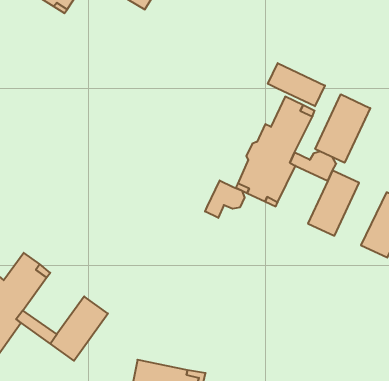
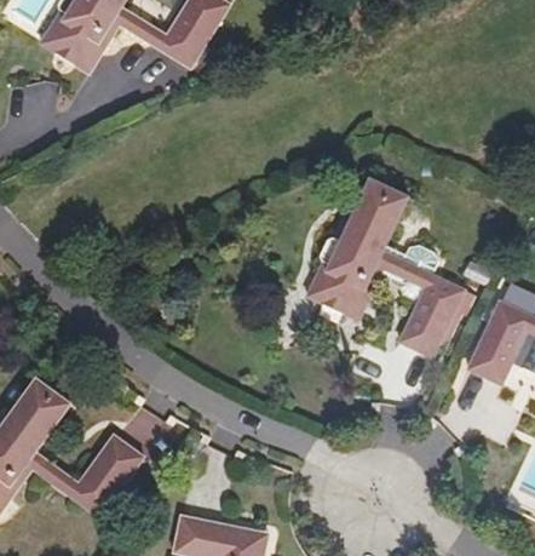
building: [268,63,325,106] -> none
building: [315,94,370,163] -> none
building: [205,180,245,218] -> none

